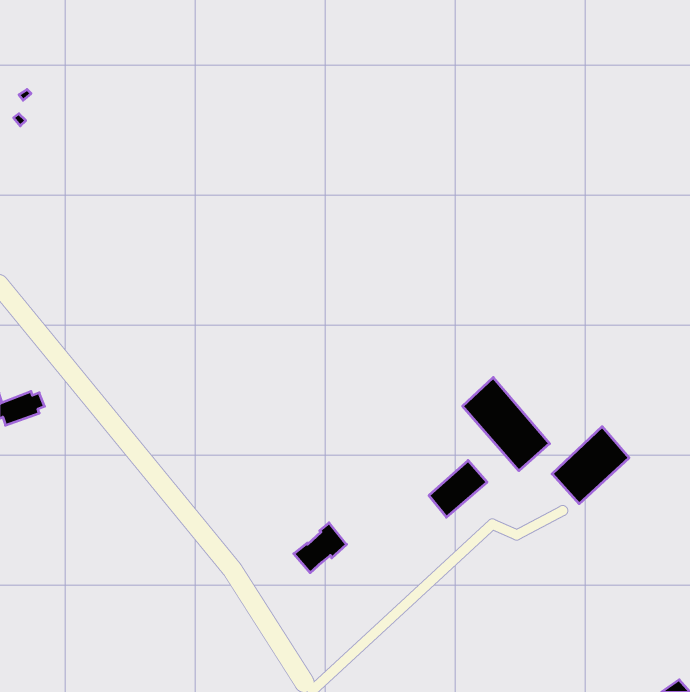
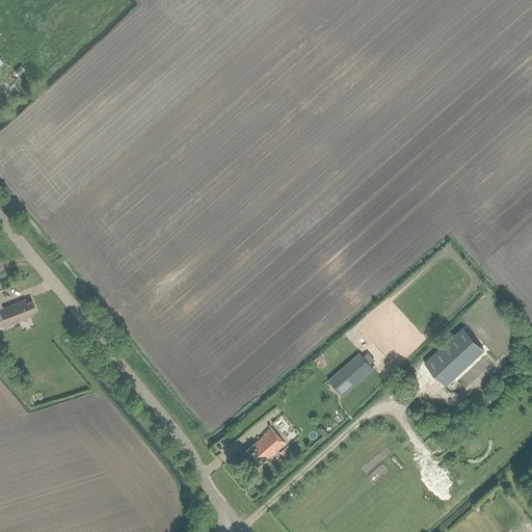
building: [463,377,550,471] -> none
building: [294,523,347,573] -> [243,428,284,467]

